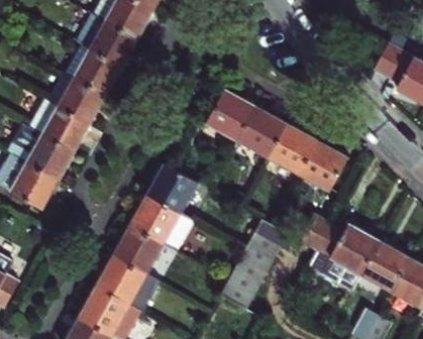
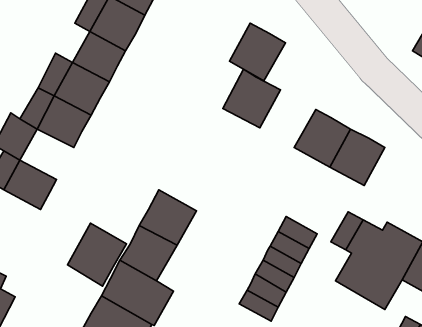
building: [236,107,286,157] -> [229,23,286,81]
building: [25,141,73,186] -> none
building: [147,161,198,213] -> none
building: none -> [68,223,127,286]

